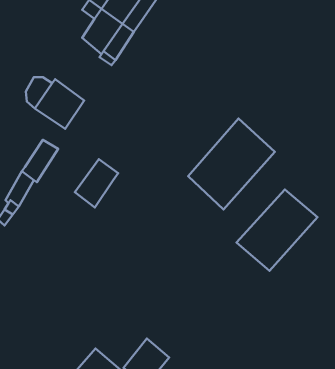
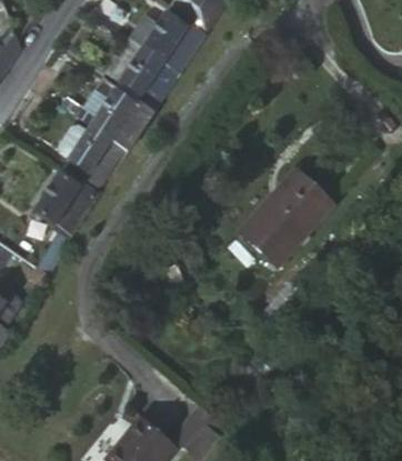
building: none -> [90,89,145,147]
building: [75,159,118,207] -> [34,167,82,220]
building: [237,189,318,271] -> none

